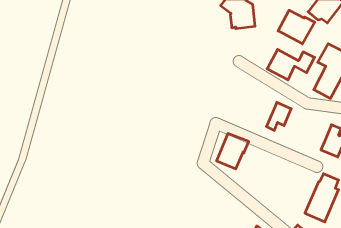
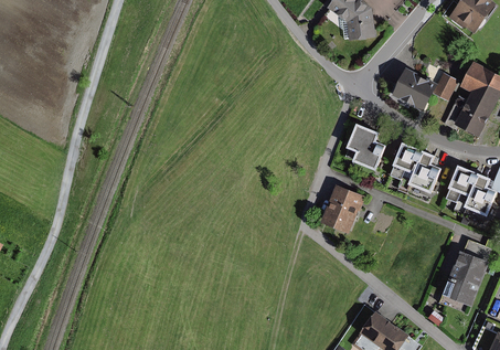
building: [278,10,315,44] -> none
building: none -> [348,123,386,170]
building: none -> [408,150,443,193]
building: none -> [444,165,478,203]

